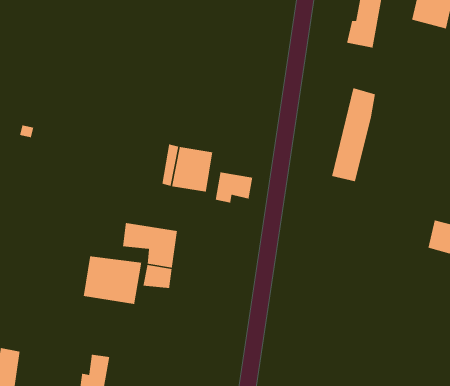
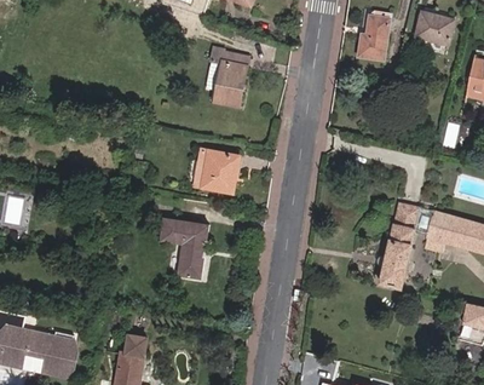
building: none -> [208,50,250,108]
building: [331,87,376,182] -> [380,202,420,287]
building: [215,172,253,204] -> none
building: [83,256,142,305] -> none

